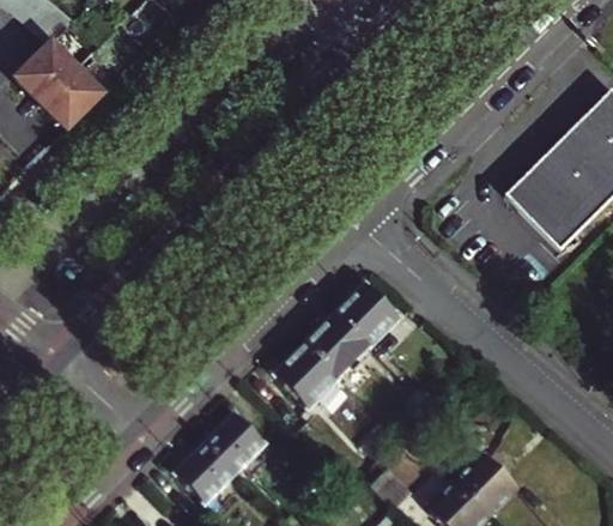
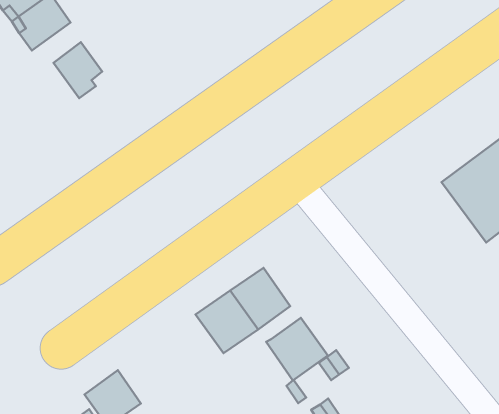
building: none -> [54,42,102,98]
building: [338,282,402,346] -> [266,318,328,380]
building: [207,410,267,470] -> none

